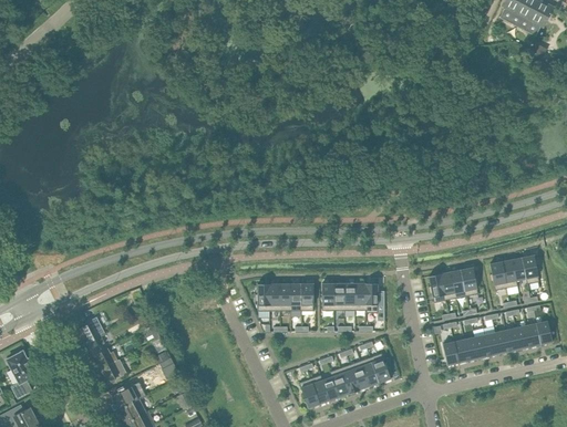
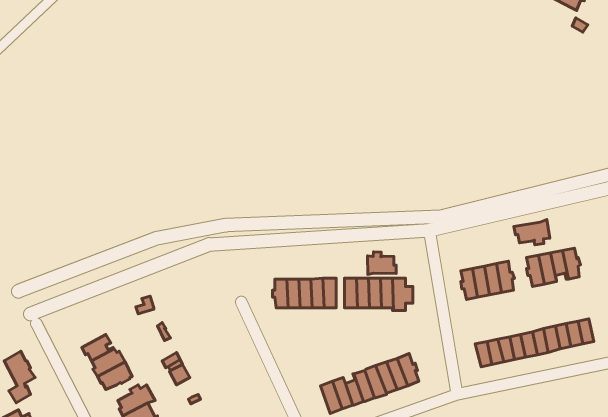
building: none -> [514,220,550,245]
building: none -> [368,252,396,275]
building: [74,316,105,346] -> none

